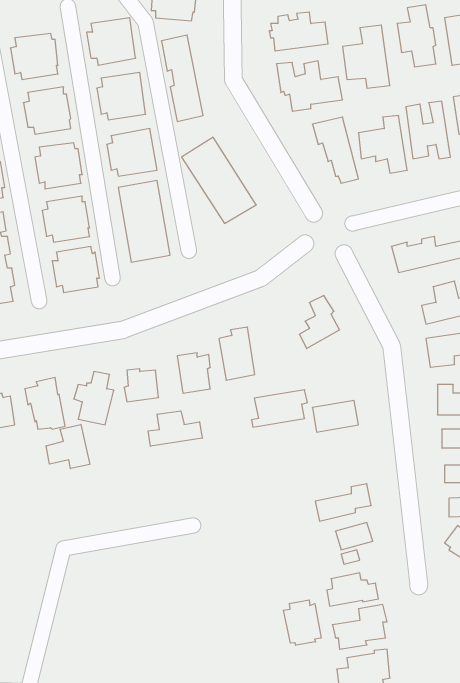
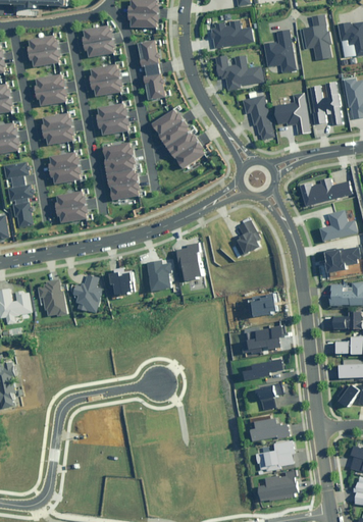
building: [251,390,307,427] -> [242,326,281,353]
building: [148,411,202,446] -> none
building: [46,424,90,469] -> none
building: [283,600,321,645] -> none

